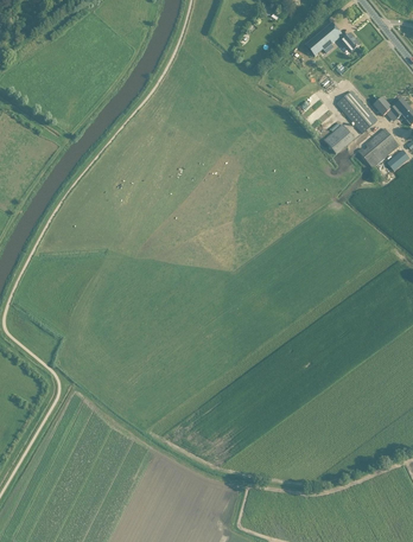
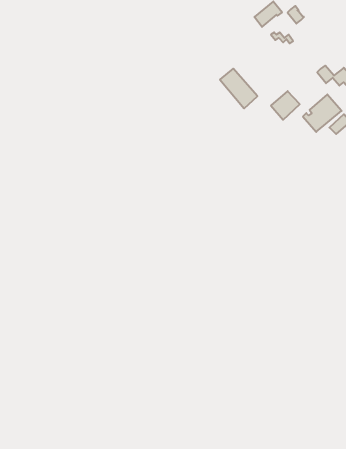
building: [336,90,376,133] -> [220,69,257,108]

